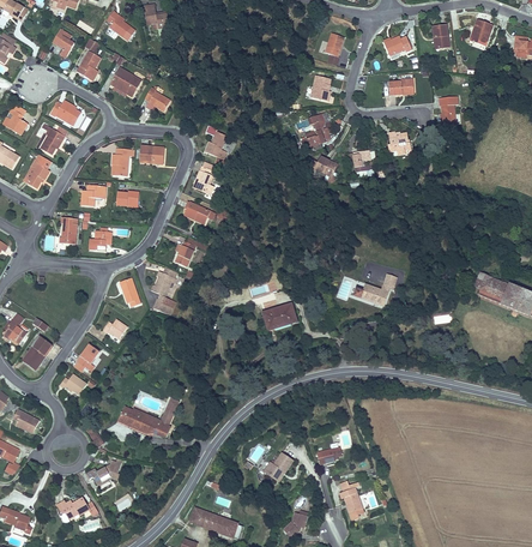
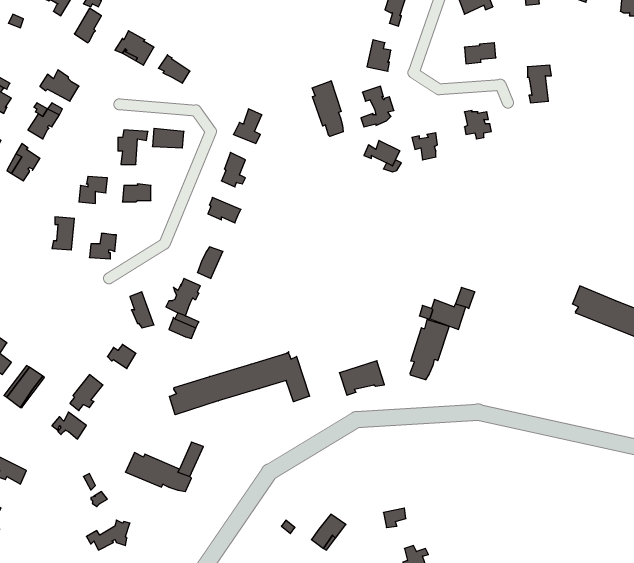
building: none -> [312,81,343,136]
building: none -> [410,320,449,380]
building: [261,302,297,330] -> [339,361,384,395]
building: none -> [169,352,310,415]

